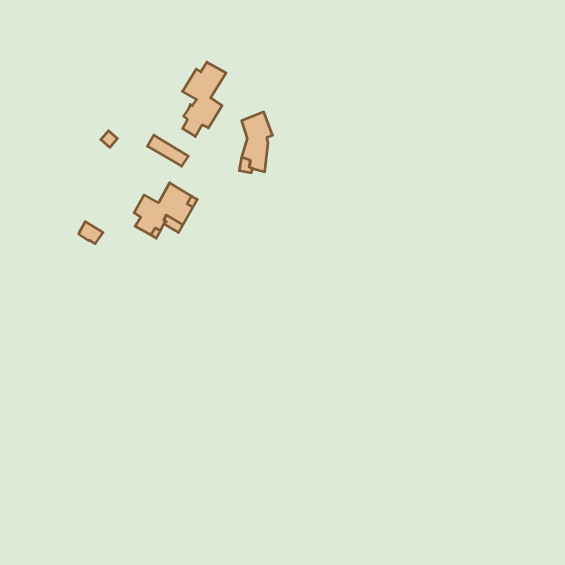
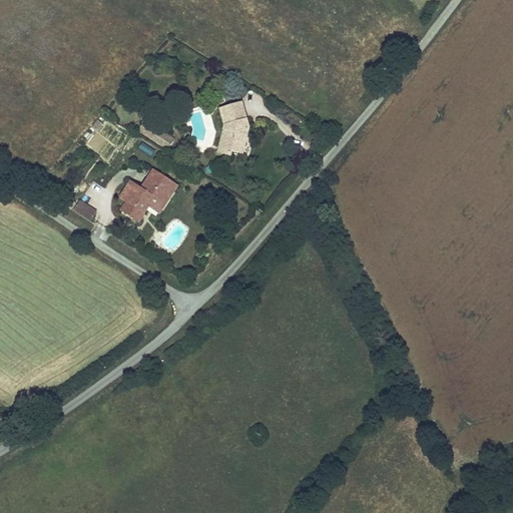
building: [182,62,226,137] -> none

